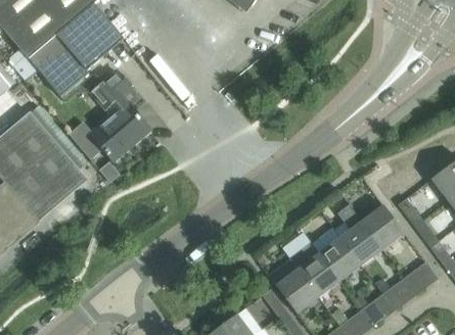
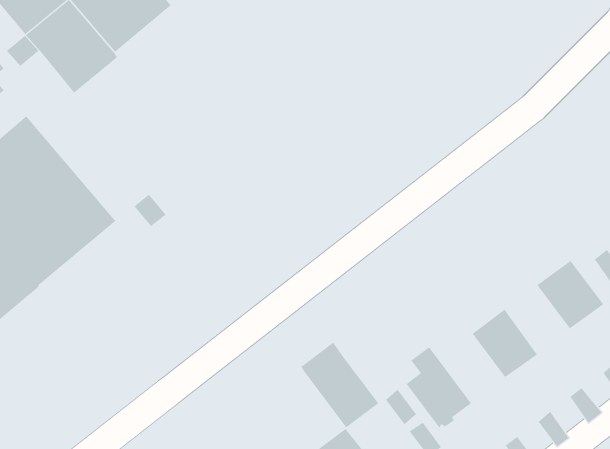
building: [71,70,149,159] -> none
building: [336,203,382,266] -> none
building: [289,241,340,297] -> [300,342,379,428]

